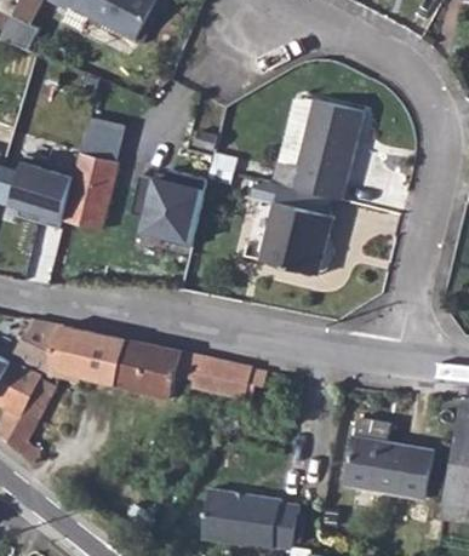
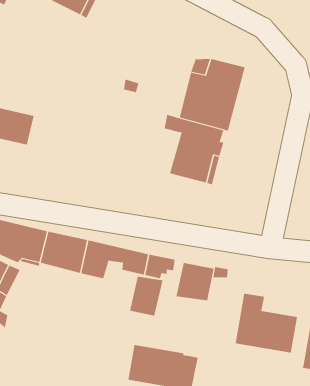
building: [64,117,127,227] -> none
building: [128,166,206,243] -> none
building: none -> [176,262,214,301]
building: none -> [129,276,163,317]

